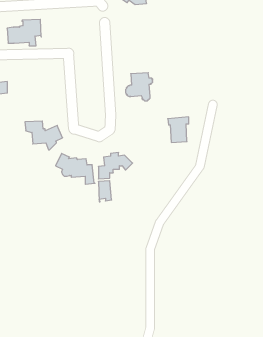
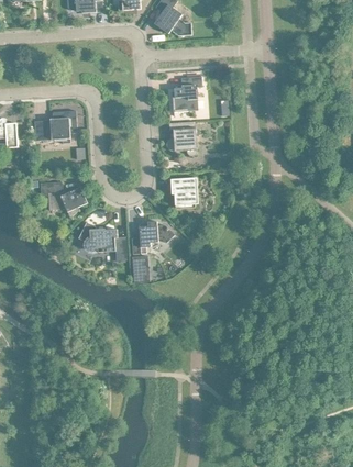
building: [7,19,41,46] -> [33,109,76,142]
building: none -> [170,75,201,110]
building: [168,117,189,142] -> [169,176,196,208]

